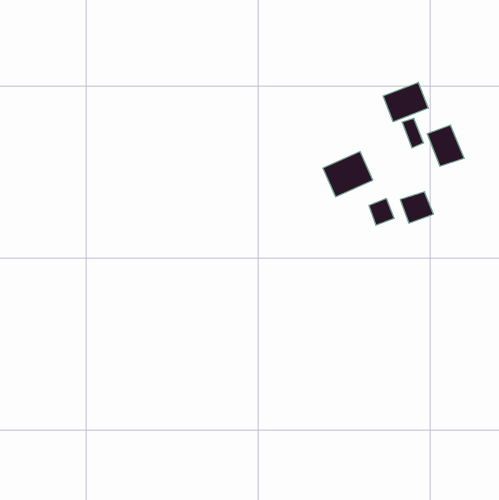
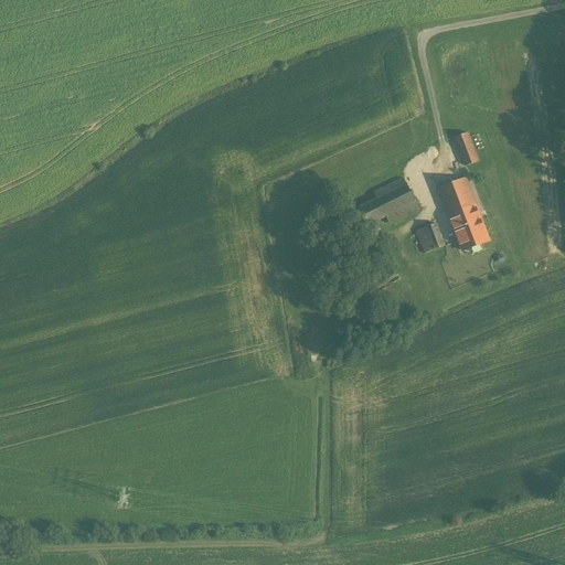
building: [383,82,428,122] -> none
building: [427,125,464,166] -> [438,179,480,225]

